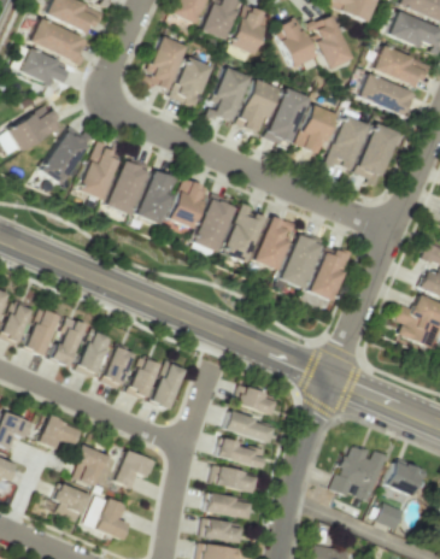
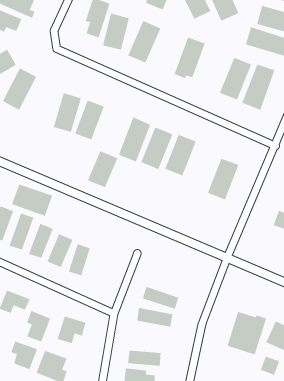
building: [237,78,280,133] -> none
building: [297,104,338,154] -> none
building: [78,142,123,199] -> none
building: [169,178,210,228] -> [87,150,118,188]
building: [280,234,324,288] -> none
building: none -> [11,183,53,217]
building: [152,360,186,408] -> none
building: [235,386,277,416] -> none
building: [211,466,257,493] -> none

